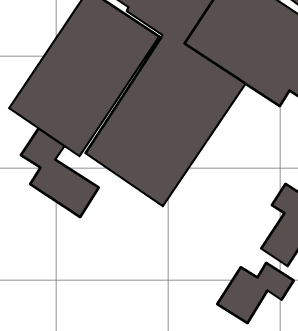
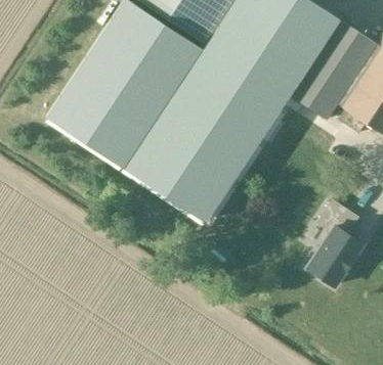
building: [21,129,99,217] -> none
building: [217,263,294,323] -> none

